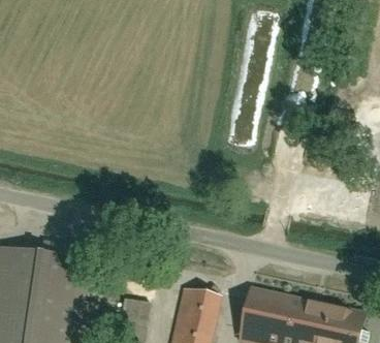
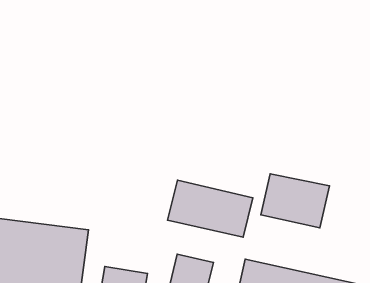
building: none -> [261,174,330,228]
building: none -> [167,180,253,237]

